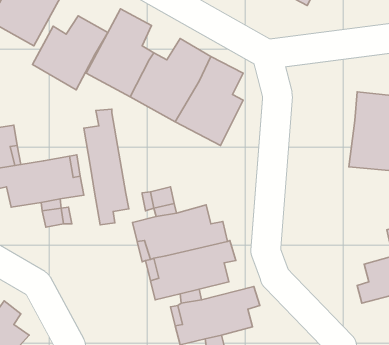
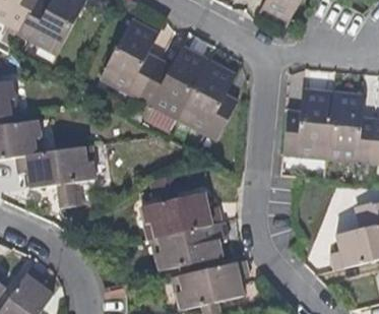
building: [32,16,108,90] -> none
building: none -> [281,90,332,156]
building: [84,109,129,225] -> none

